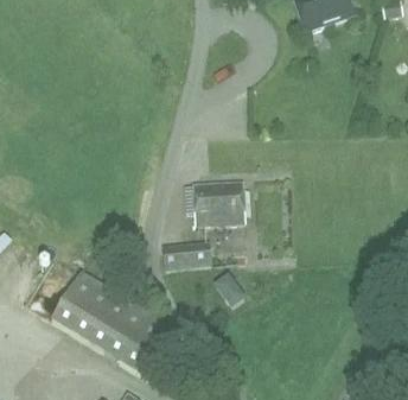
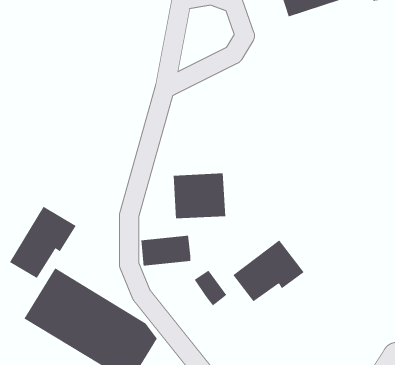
building: none -> [9,206,77,279]
building: none -> [232,240,304,302]

